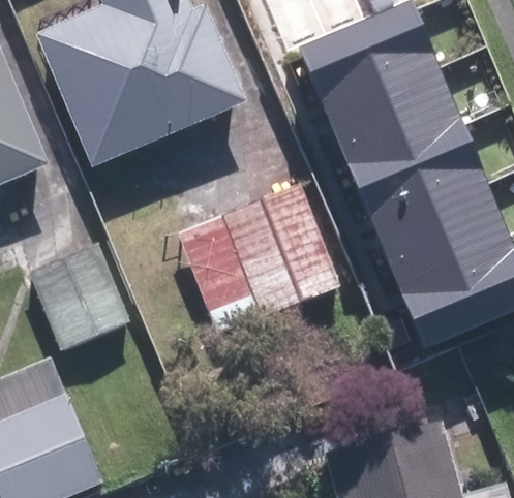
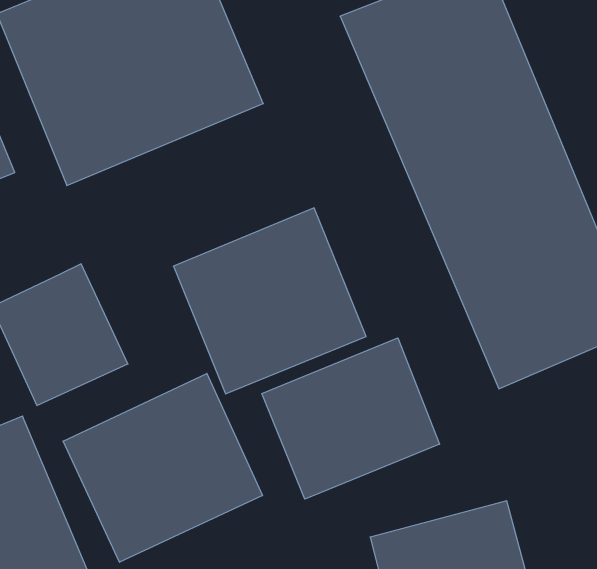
building: none -> [262,338,440,499]
building: none -> [63,373,262,562]

